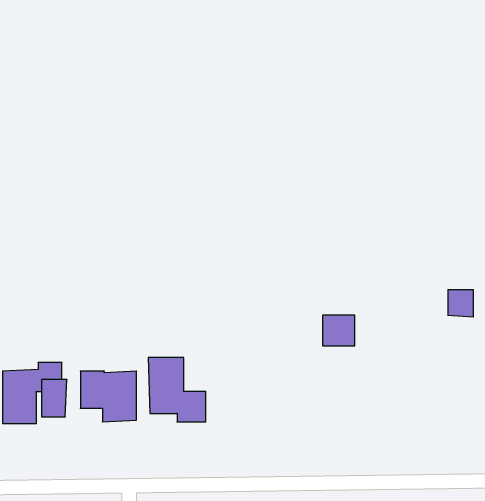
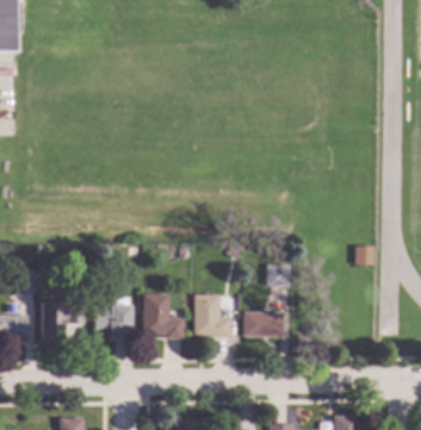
building: none -> [193,293,230,337]
building: none -> [243,310,284,337]

